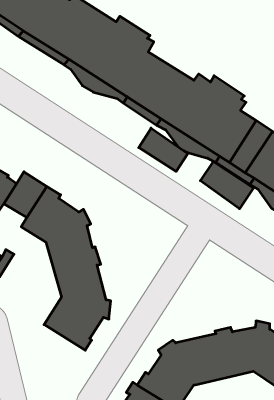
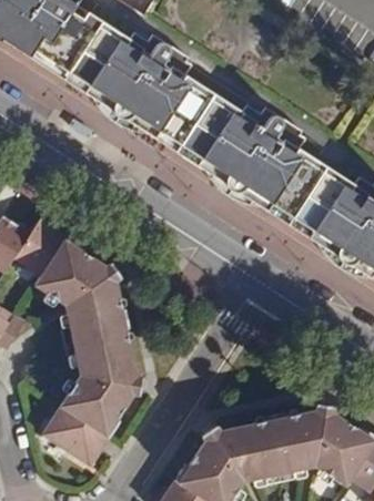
building: [139,128,188,171] -> none
building: [200,161,253,209] -> none
building: none -> [43,407,112,468]

